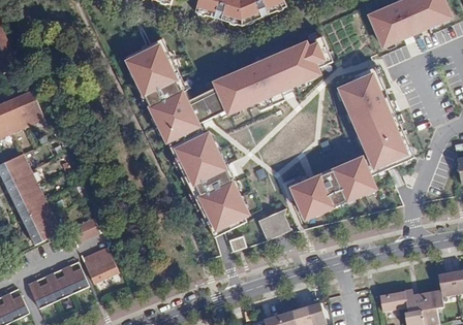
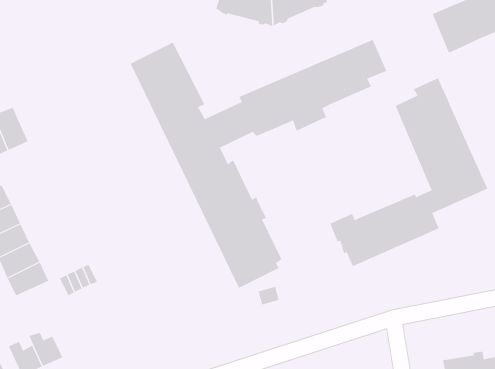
building: [258,208,292,240] -> none
building: [83,247,119,284] -> none
building: [61,264,89,293] -> none

